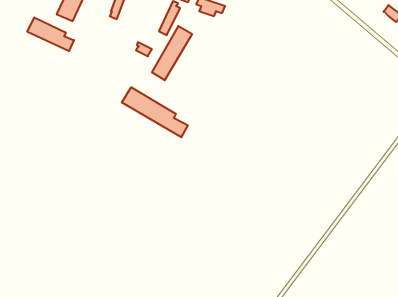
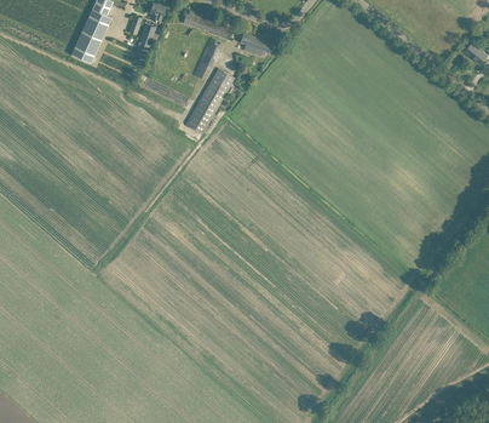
building: [27,17,74,51] -> none
building: [122,87,188,137] -> none

